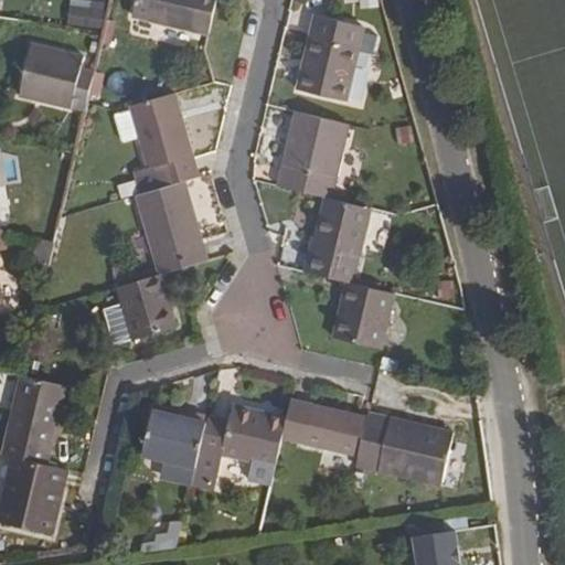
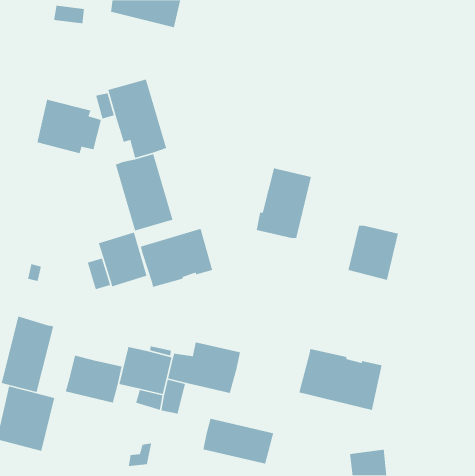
building: [296,14,362,100] -> none
building: [18,43,95,108] -> [36,99,102,154]
building: [276,110,348,200] -> none
building: none -> [140,228,213,288]
building: [332,282,393,349] -> [347,225,399,281]
building: [280,399,365,455] -> [202,418,274,465]
building: none -> [65,354,123,403]

